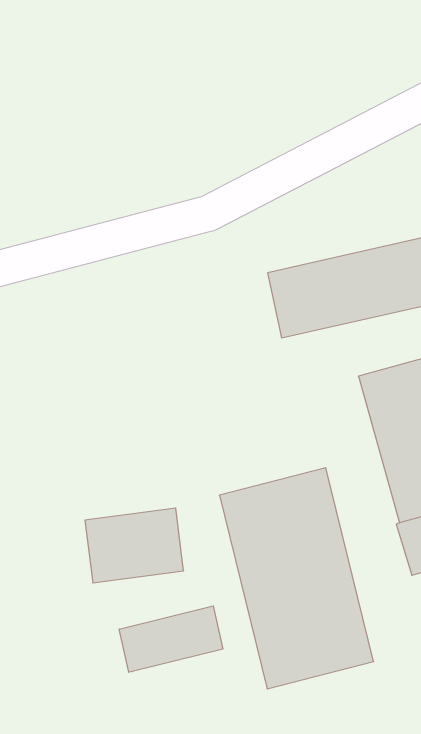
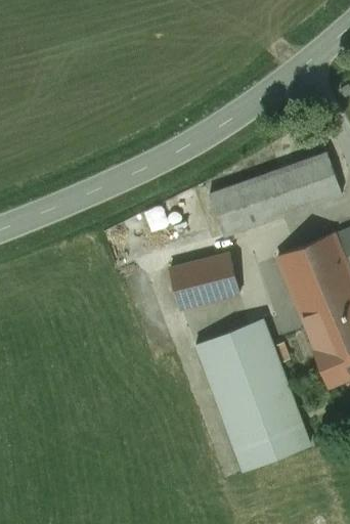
building: [85,508,184,583] -> [170,254,239,310]
building: [119,606,223,672] -> none

